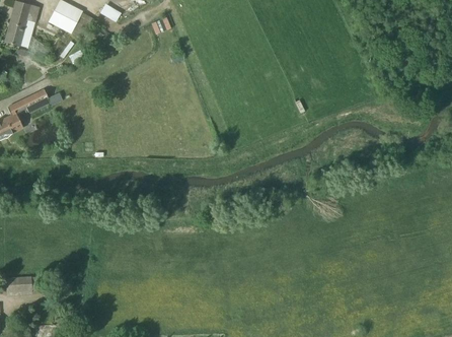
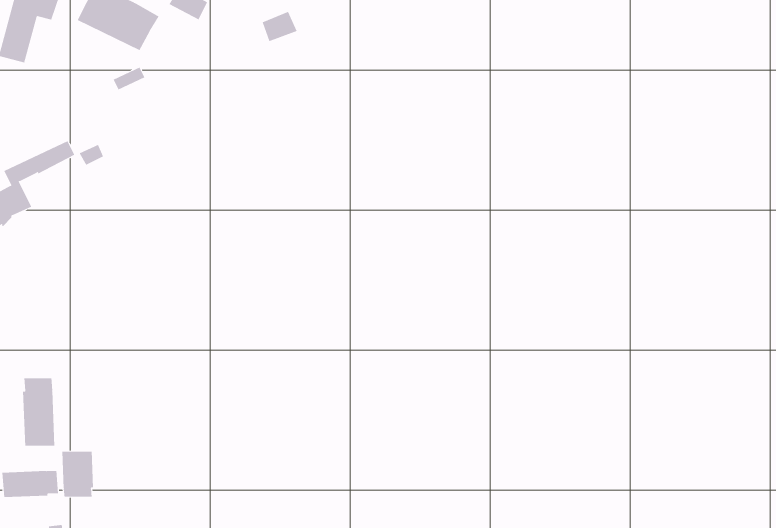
building: none -> [23,378,55,446]
building: none -> [62,451,94,498]

